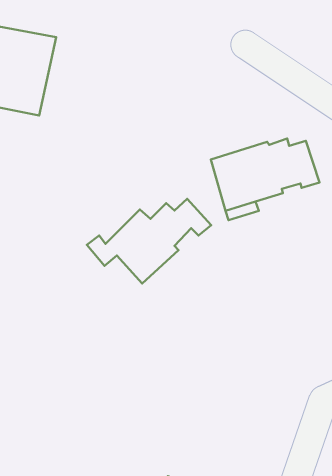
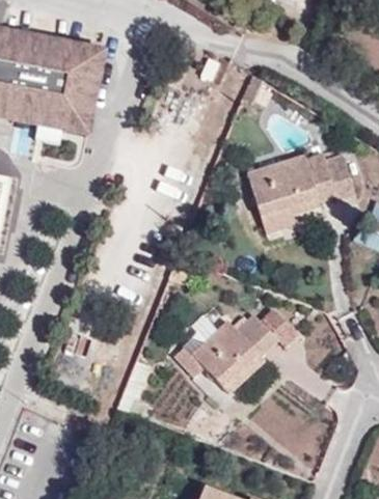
building: [87,199,211,284] -> [175,309,299,393]

